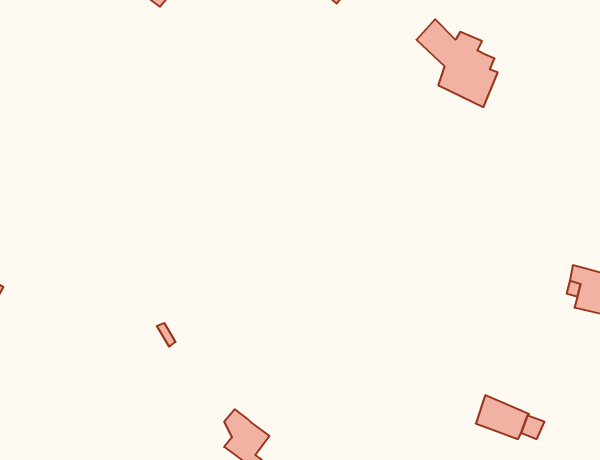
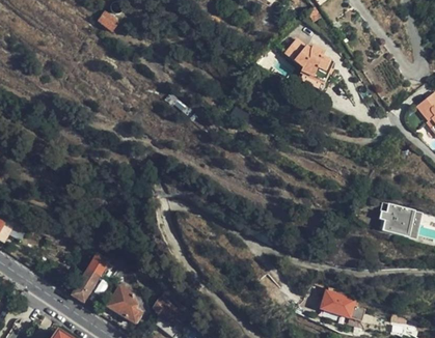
building: none -> [72,253,111,302]
building: none -> [107,287,140,323]

